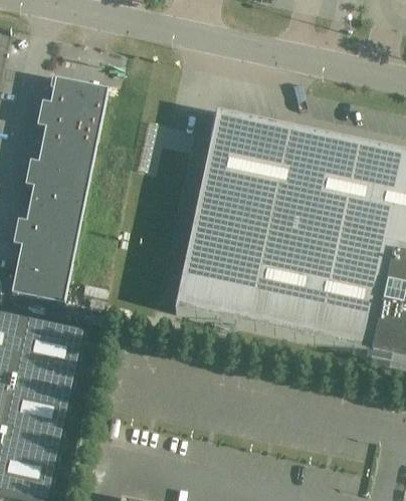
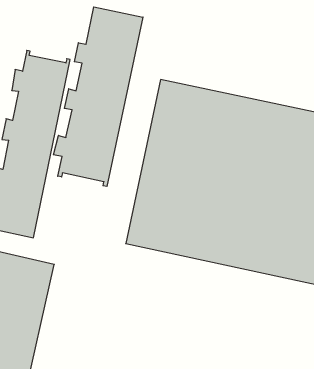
building: none -> [53,7,143,186]

